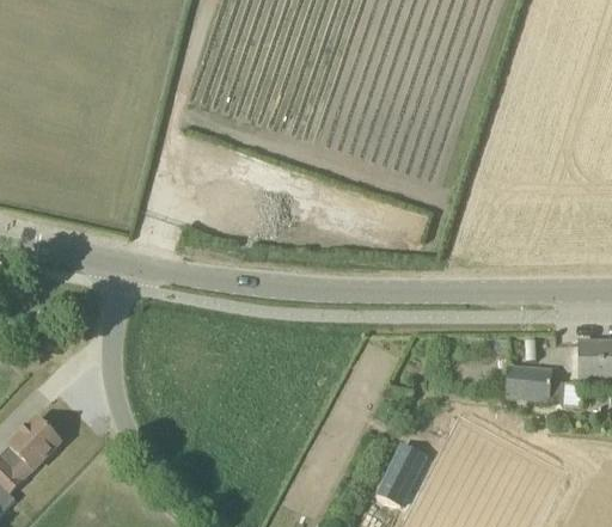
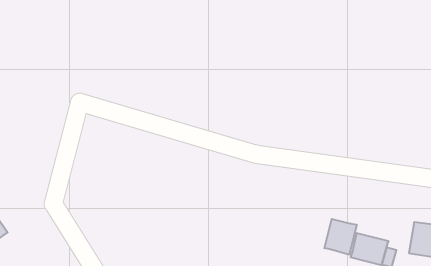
building: none -> [324,219,357,255]

